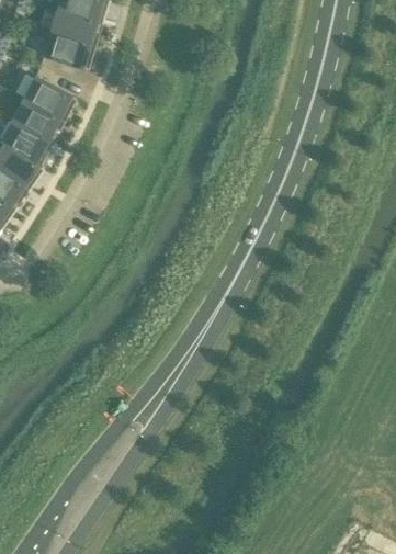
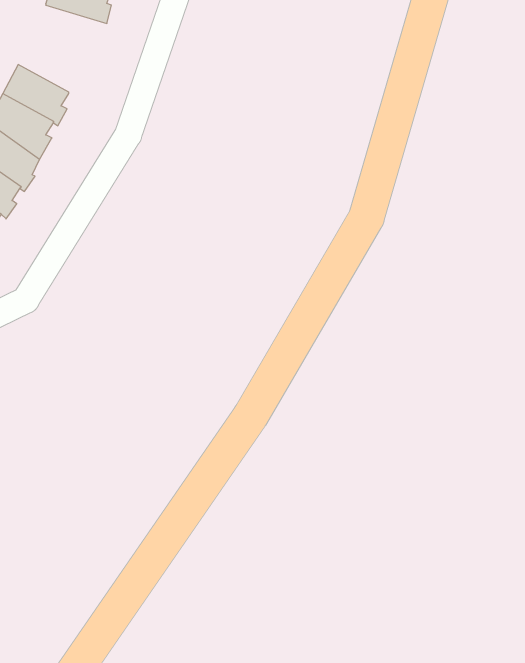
building: [24,76,72,121] -> none

